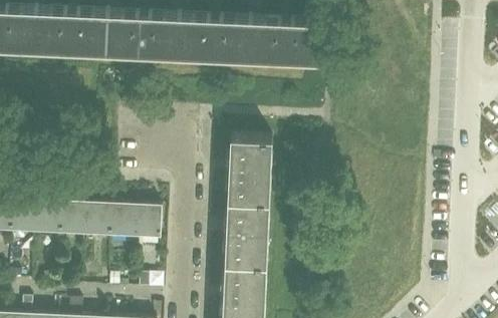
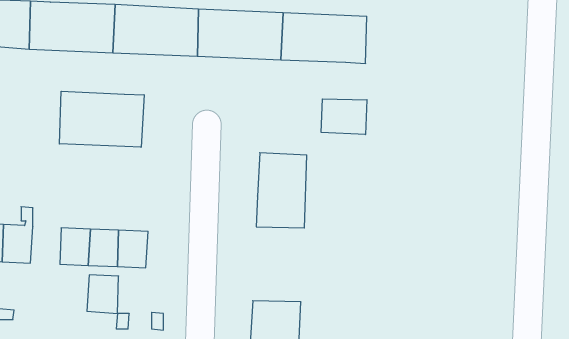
building: none -> [59,91,144,147]
building: none -> [321,99,367,135]
building: [34,202,60,234] -> none
building: [224,202,268,266] -> none
building: [133,206,160,239] -> [87,275,119,314]

